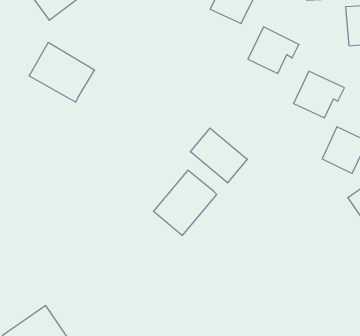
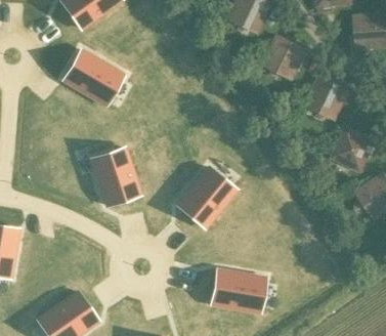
building: [190,128,247,183] -> none
building: none -> [91,148,139,206]
building: none -> [211,269,265,312]

